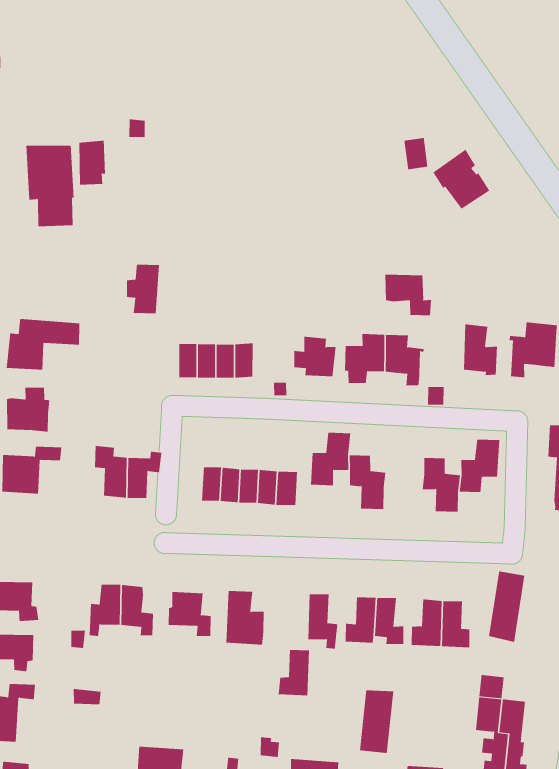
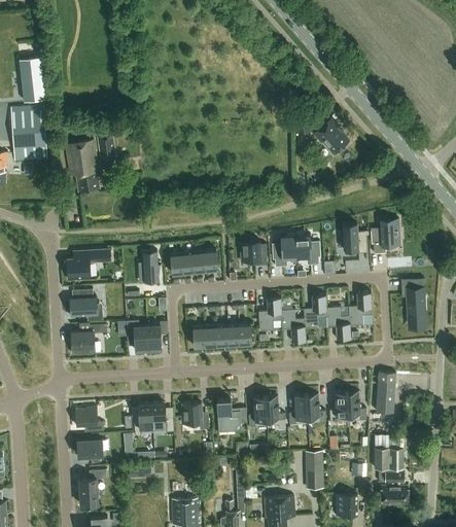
building: [126,264,160,314] -> [138,252,159,283]
building: [385,274,432,316] -> none
building: none -> [304,294,327,328]
building: [278,650,310,696] -> [249,397,268,426]

